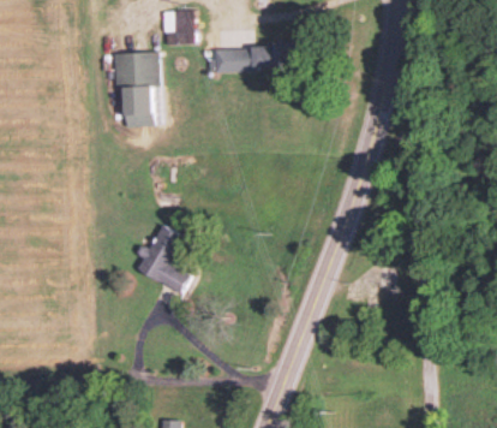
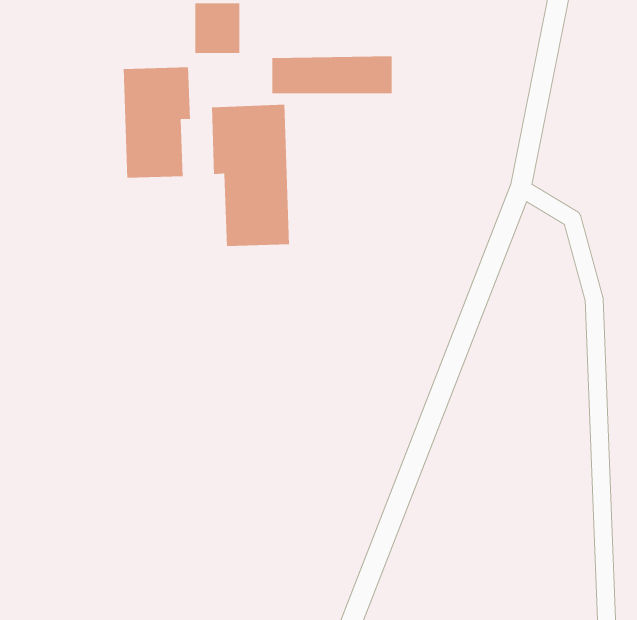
building: none -> [211,104,290,247]
building: [137,225,192,295] -> none

